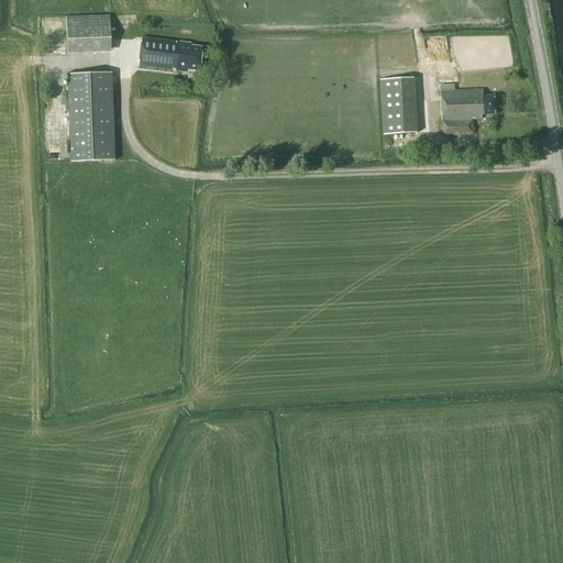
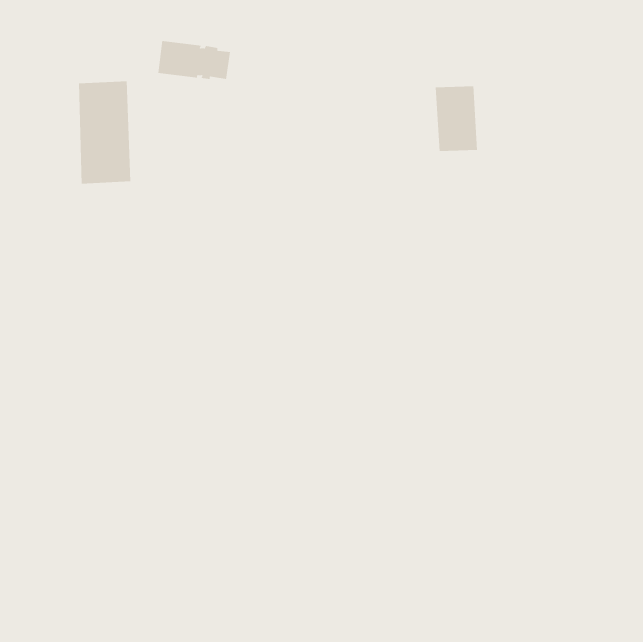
building: [65,14,111,48] -> none
building: [443,82,497,134] -> none

